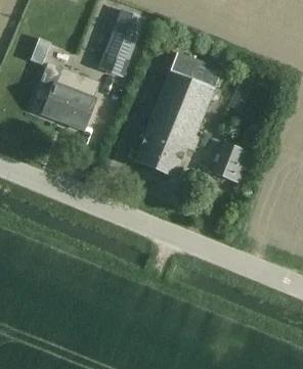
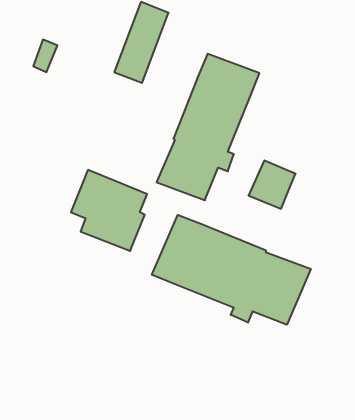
building: [32,62,96,131] -> [71,170,147,251]
building: none -> [152,215,311,325]

